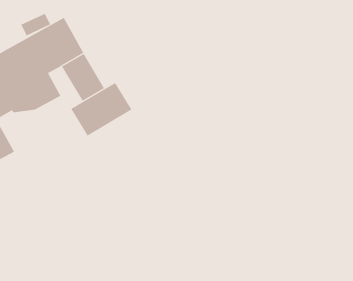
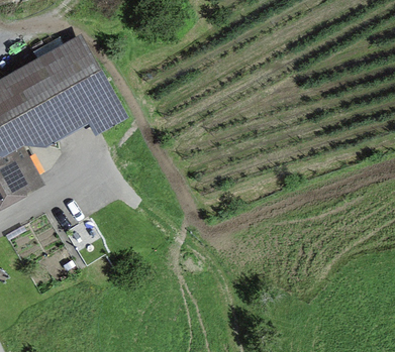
building: [71,82,132,136] -> none

